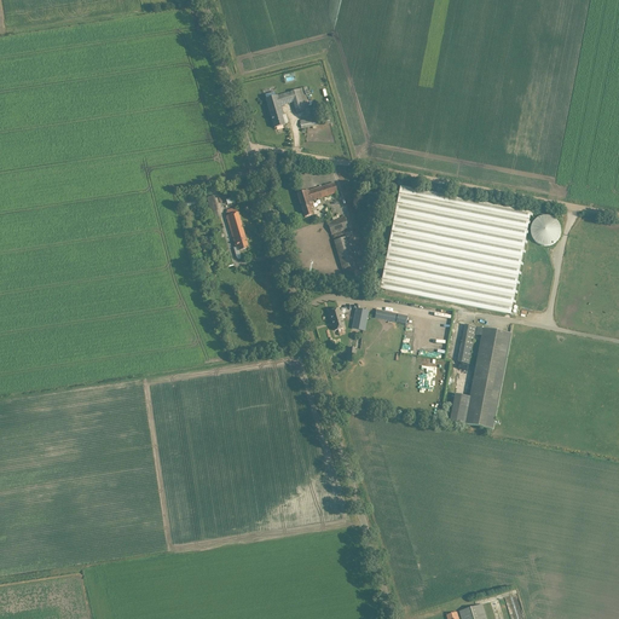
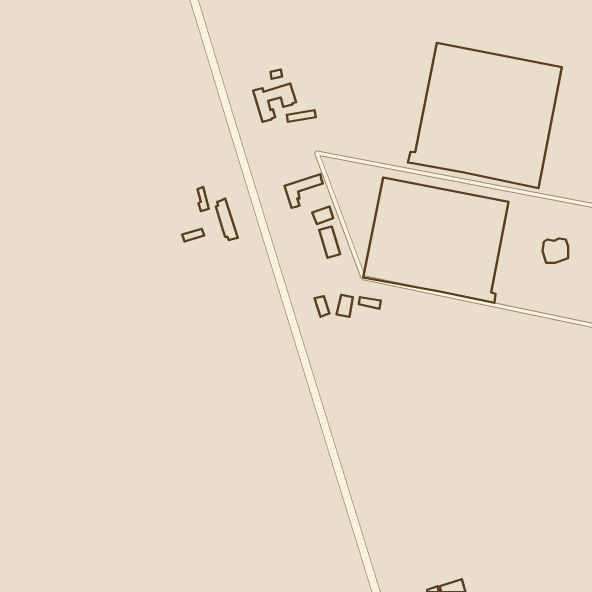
building: none -> [408,43,562,188]
building: [531,219,557,244] -> [543,238,568,263]
building: [450,324,510,428] -> none

